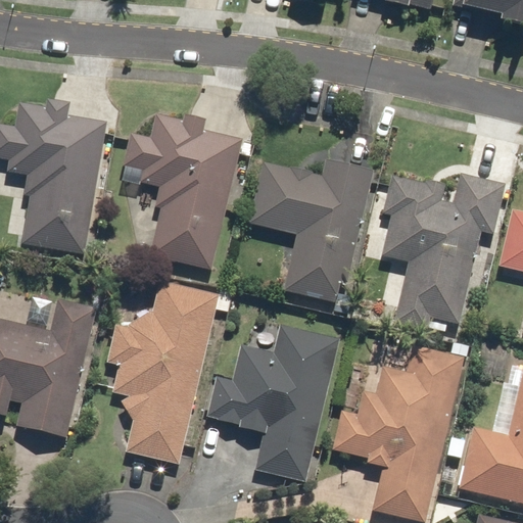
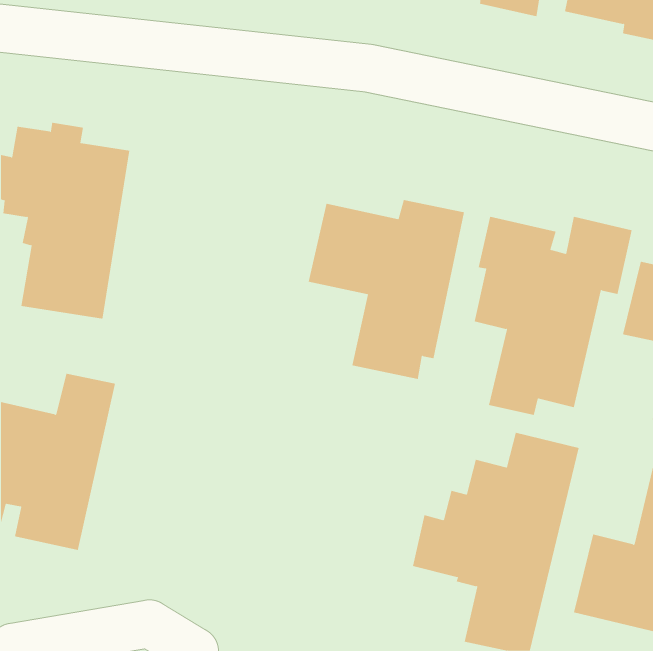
building: [122,112,242,270] -> none
building: [106,279,220,465] -> none
building: [205,323,340,481] -> none

